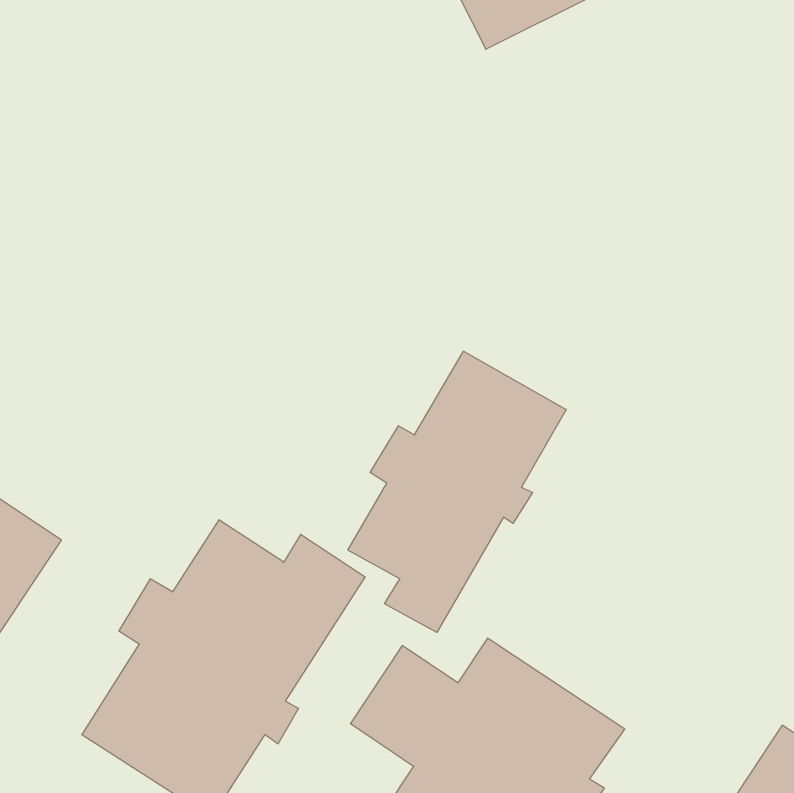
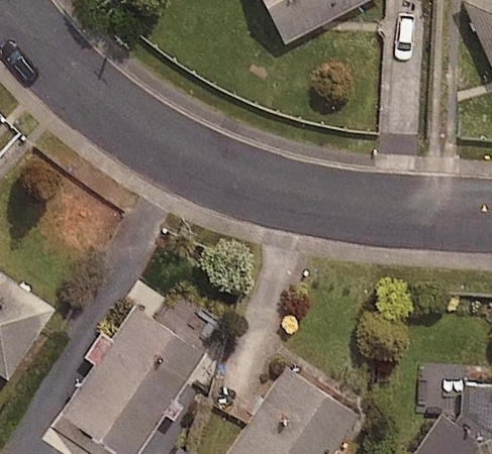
building: [348,351,566,632] -> none

